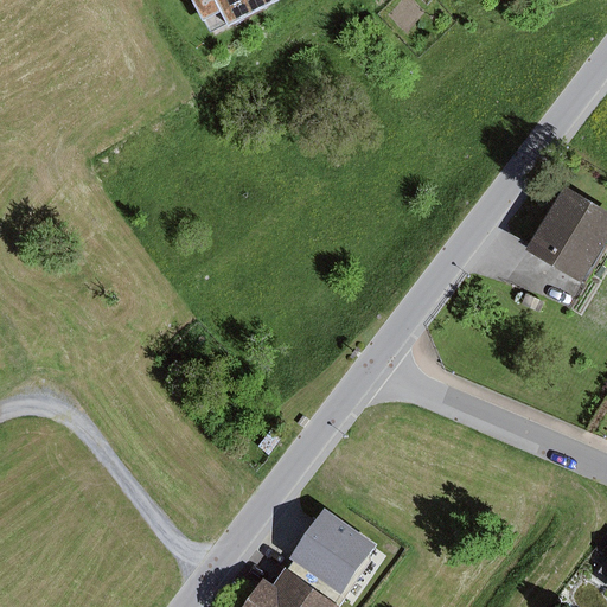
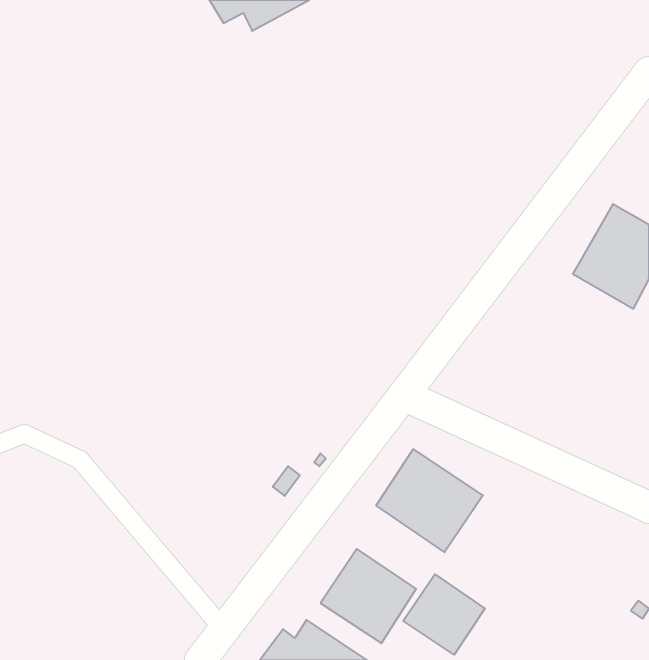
building: none -> [376,449,483,552]
building: none -> [403,574,485,655]

